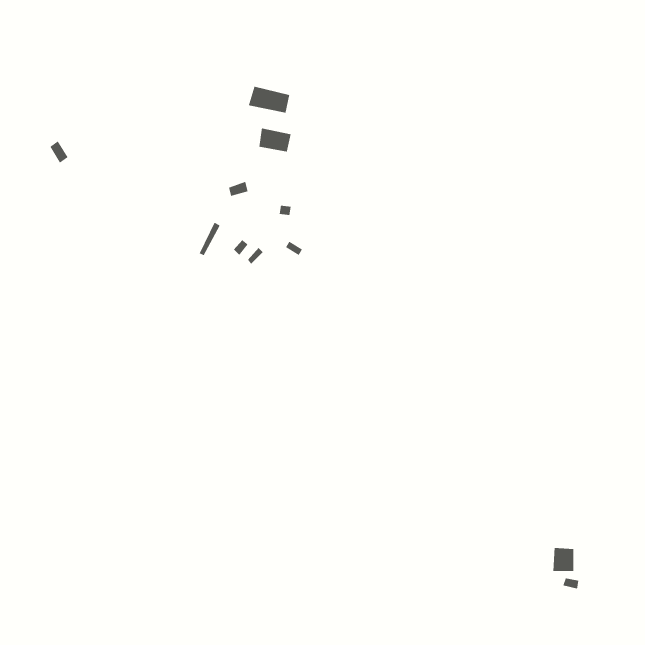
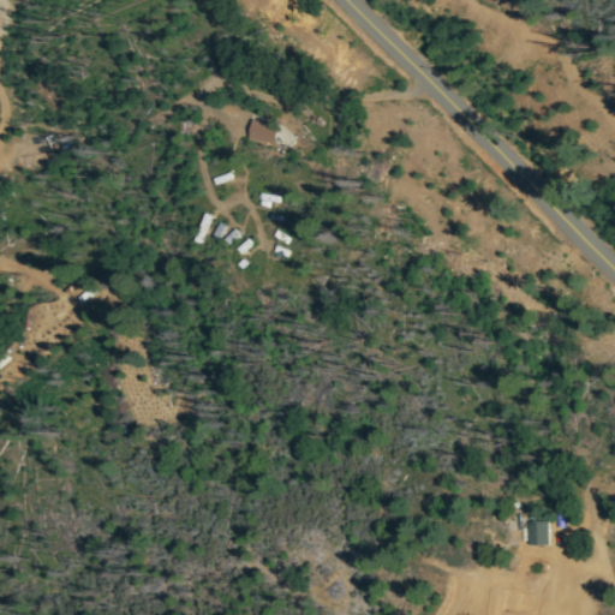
building: [248,86,290,114] -> none

